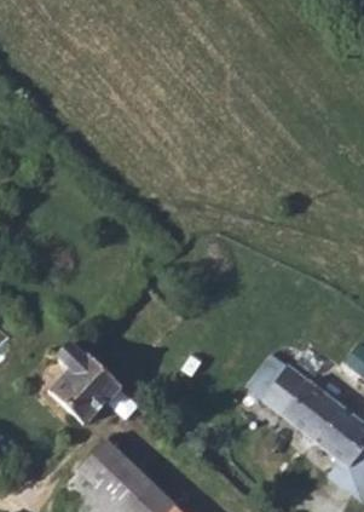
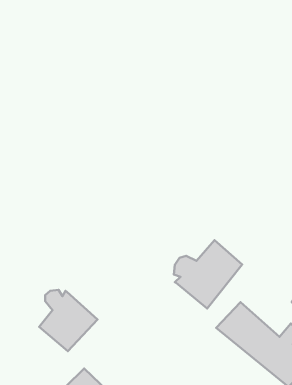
building: none -> [174,240,242,308]

